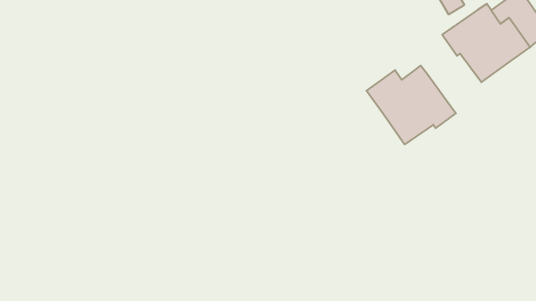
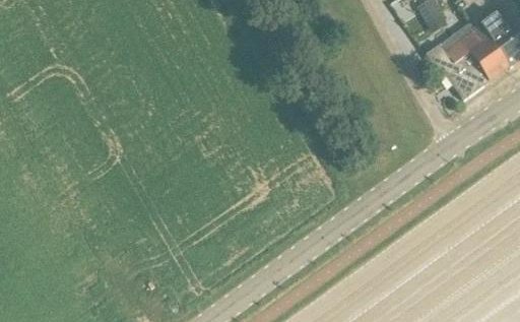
building: [366,66,456,144] -> none

